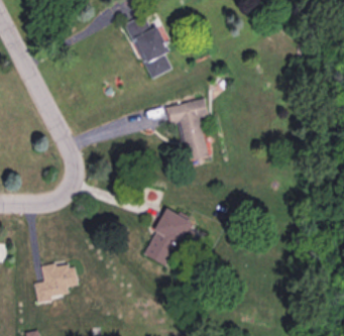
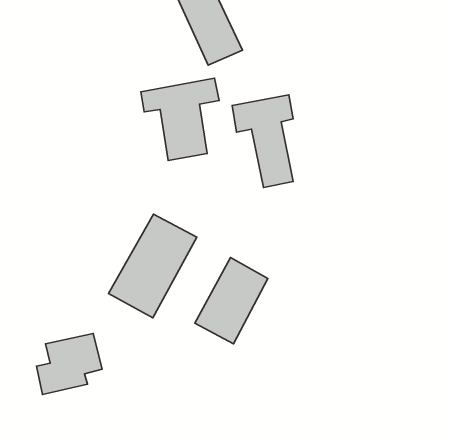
building: none -> [141,78,219,160]
building: none -> [109,214,197,318]

